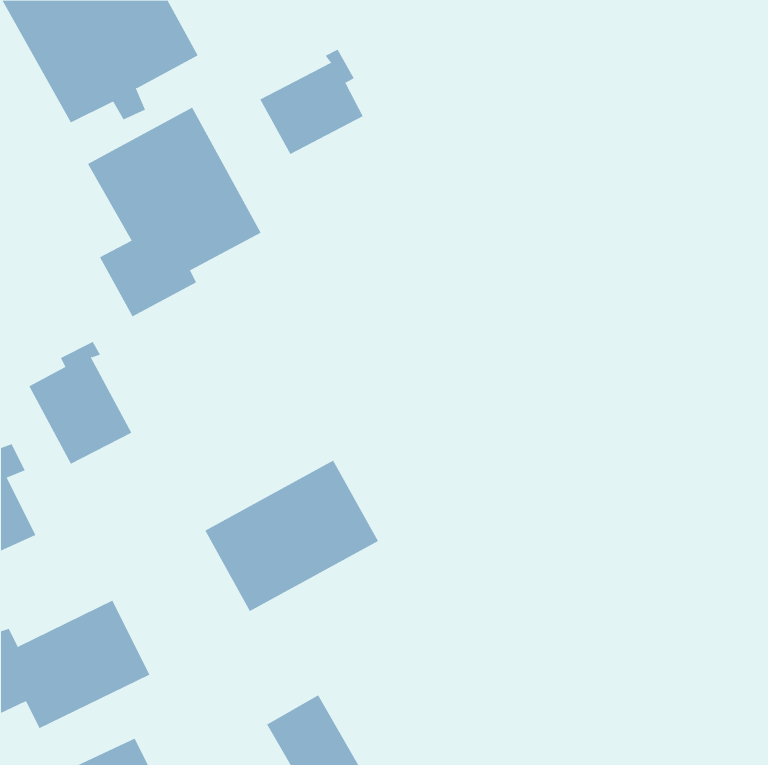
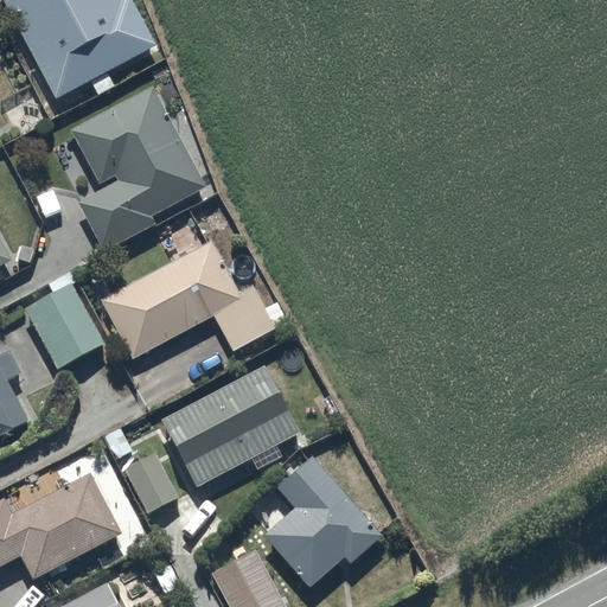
building: [260,49,363,155] -> none
building: none -> [102,241,286,359]
building: none -> [116,440,178,515]
building: none -> [266,454,381,587]

